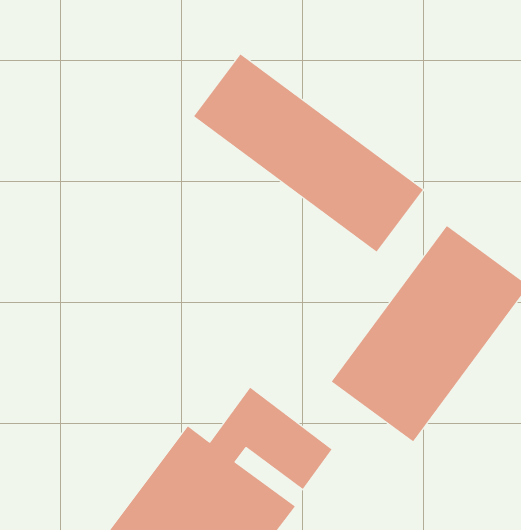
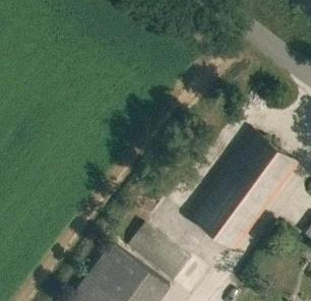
building: [193,53,424,252] -> none

